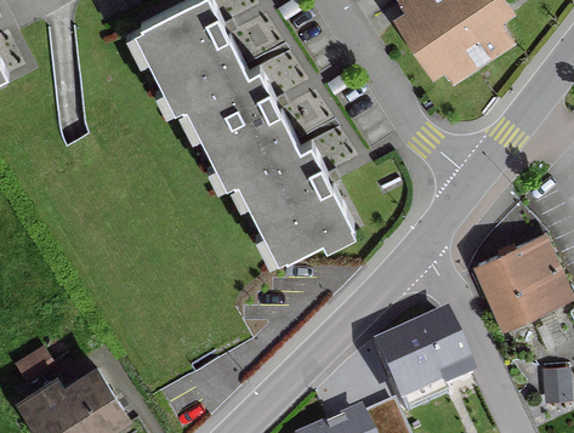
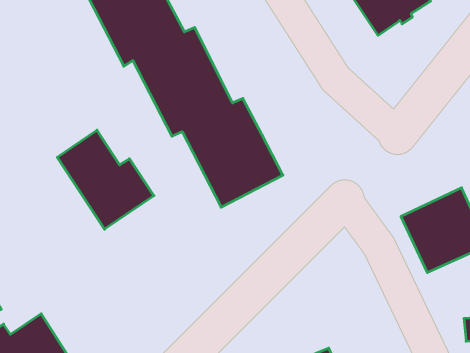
building: none -> [57,130,154,229]
building: [380,321,466,394] -> none

